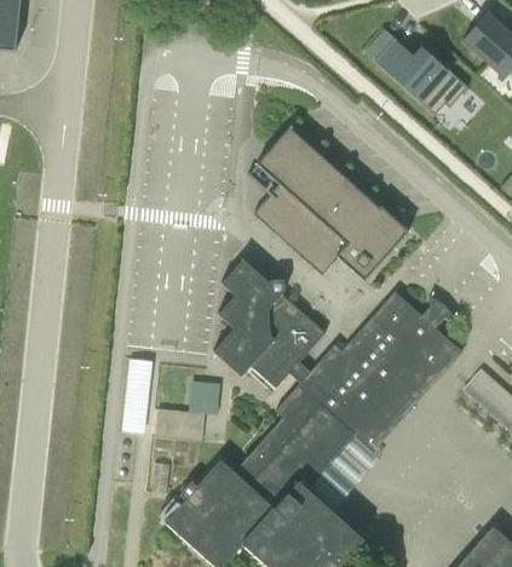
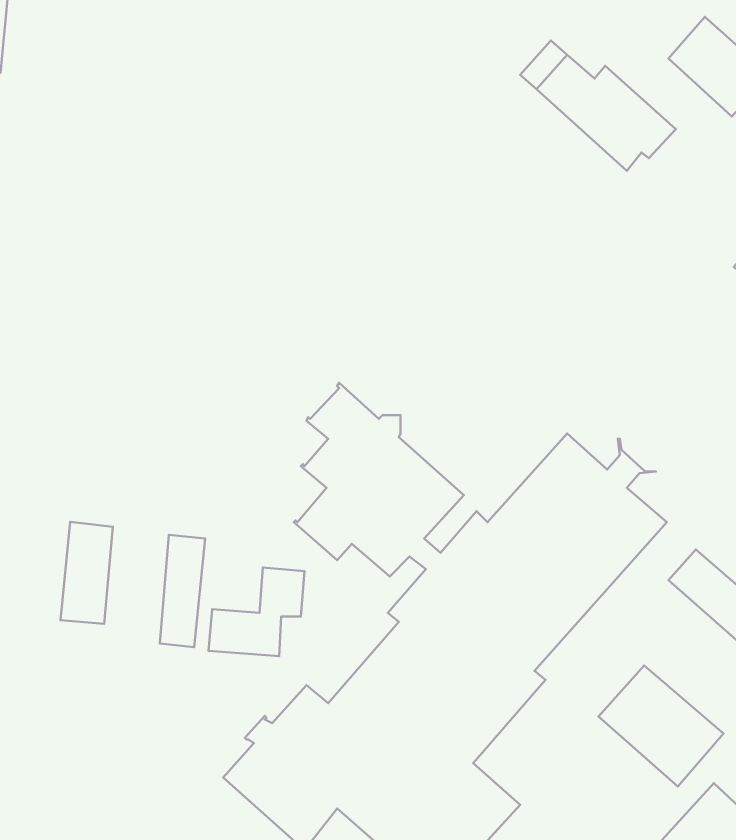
building: [247,125,408,280] -> none
building: none -> [60,522,113,624]
building: none -> [598,666,723,786]

